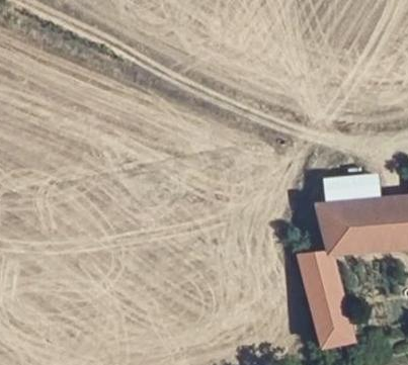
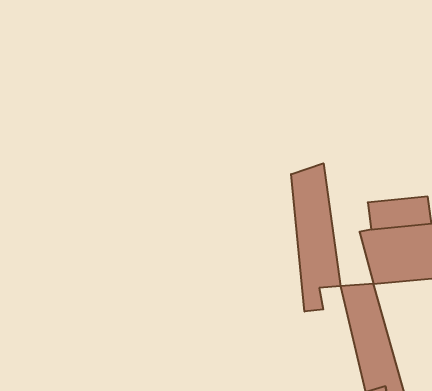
building: none -> [291,163,341,312]

